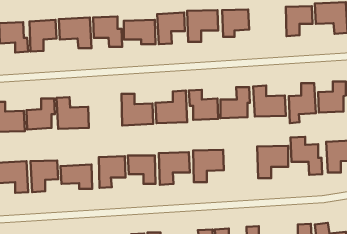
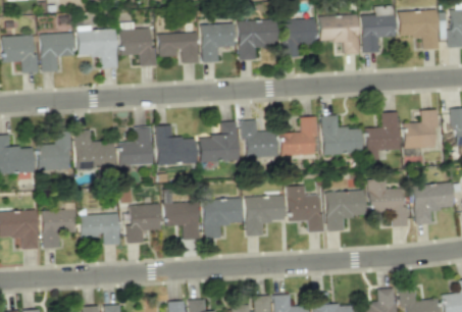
building: none -> [319,14,359,54]
building: none -> [118,126,153,166]
building: none -> [287,186,324,232]

